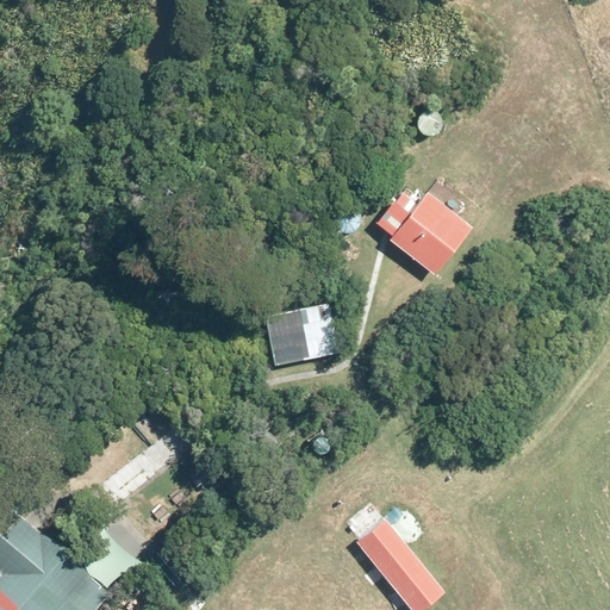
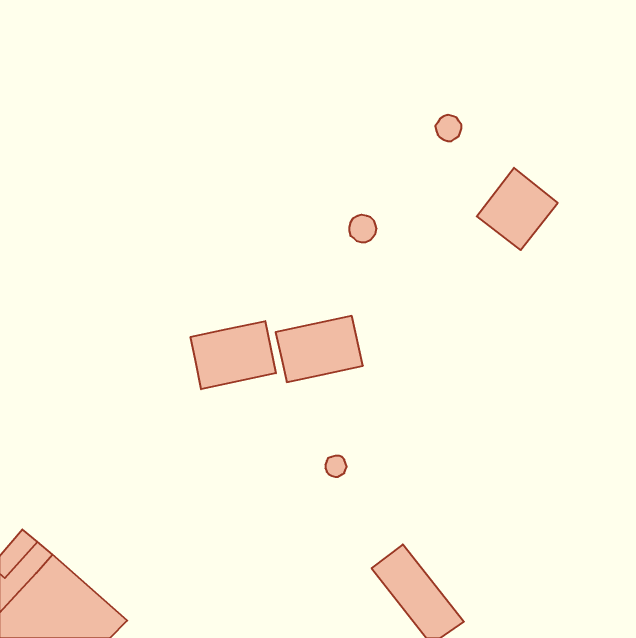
building: [390,195,467,274] -> [477,168,558,250]
building: none -> [191,321,276,389]

